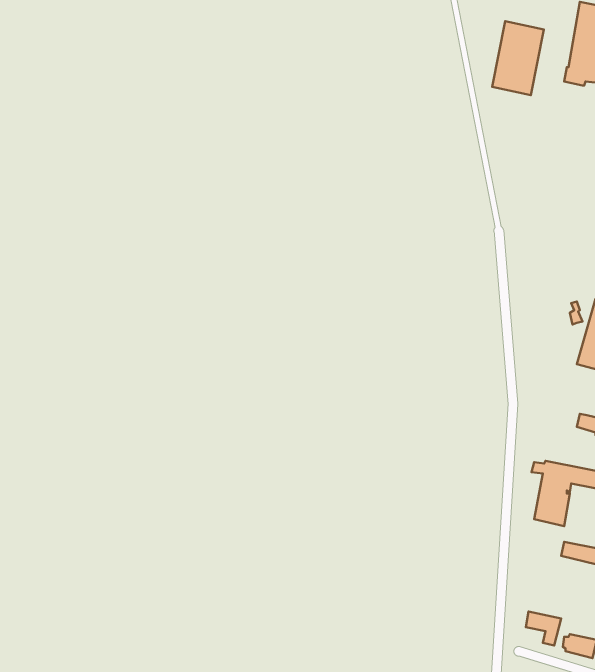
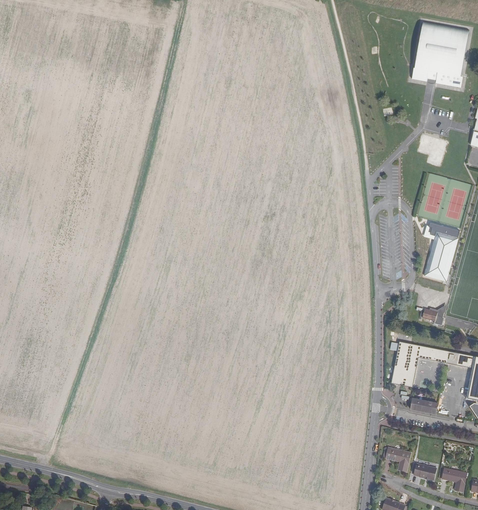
building: [492,21,544,95] -> none

